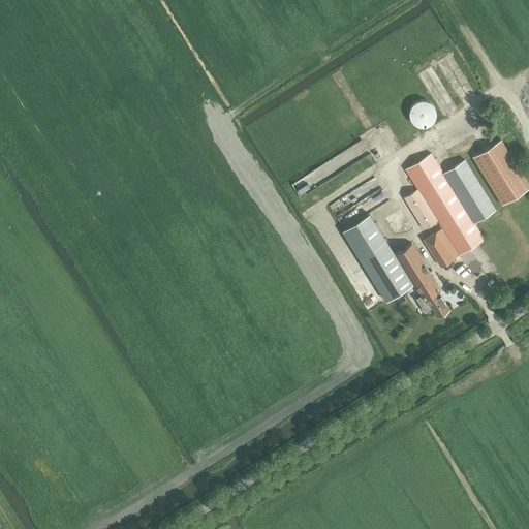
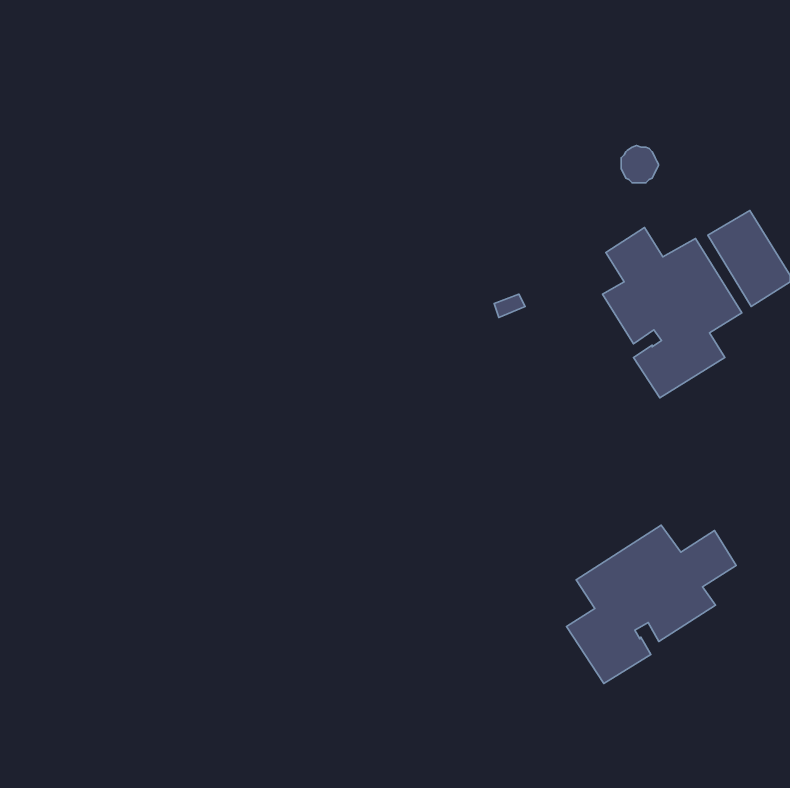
building: [342,215,448,318] -> none
building: none -> [567,525,736,684]

